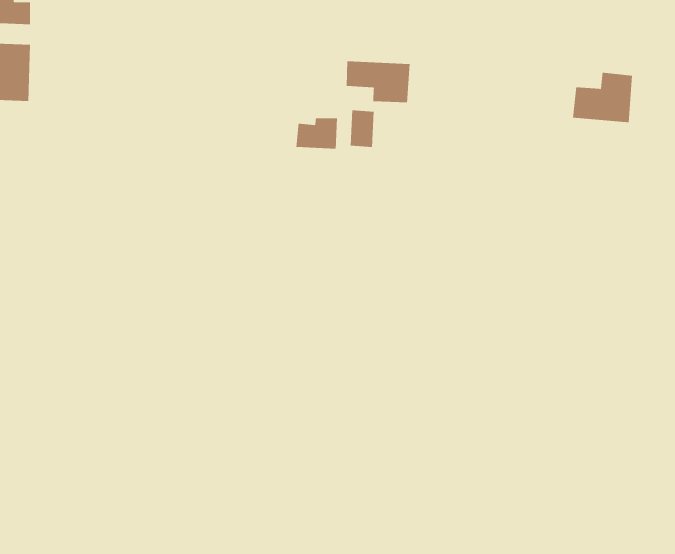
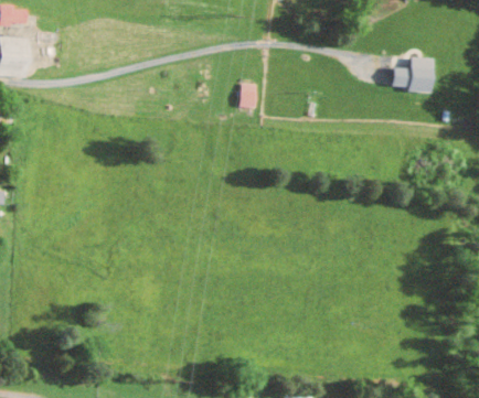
building: [346,61,410,103] -> none
building: [296,117,337,149] -> none

